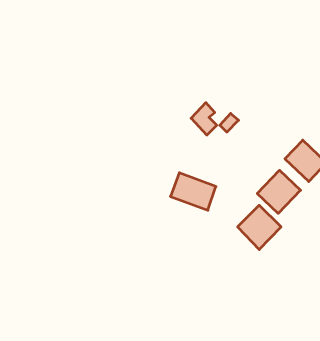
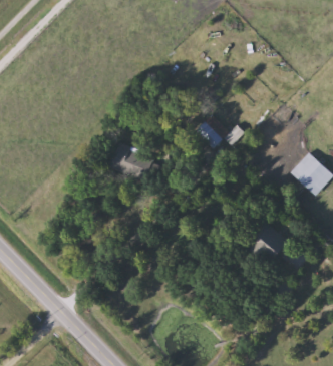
building: [257,170,301,213] -> none
building: [170,173,216,210] -> [108,144,154,182]

